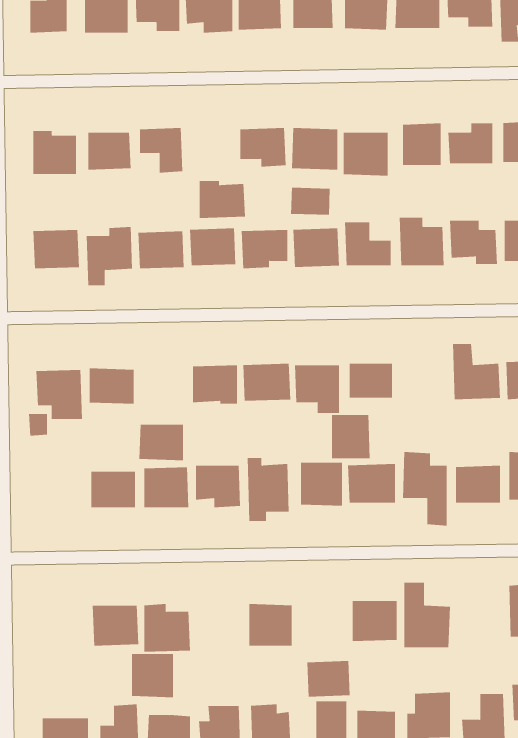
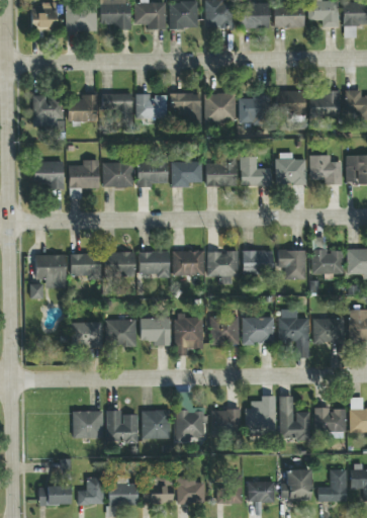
building: [199,180,246,218] -> [135,93,167,118]
building: [290,187,330,216] -> none
building: [331,415,371,459] -> [279,250,305,279]
building: [138,424,184,461] -> [104,252,134,276]
building: none -> [313,407,346,437]
building: [131,654,174,698] -> [142,410,170,439]
building: [306,661,351,697] -> [211,409,241,433]

